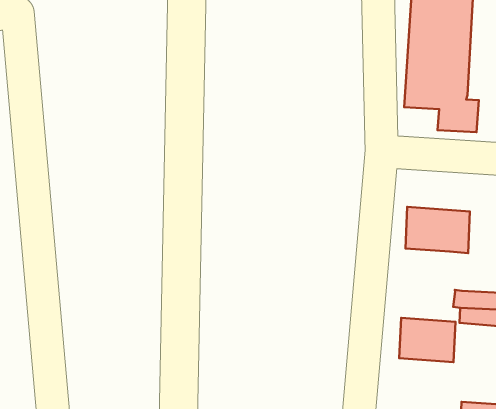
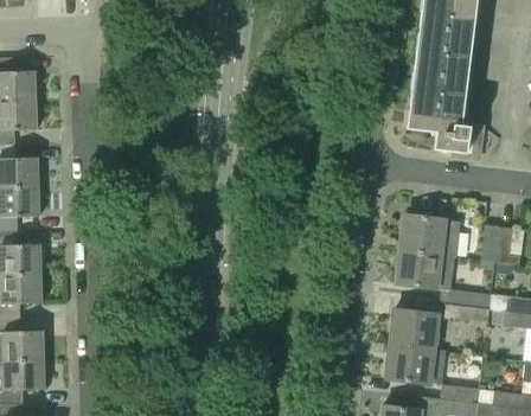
building: none -> [397,250,440,288]
building: none -> [386,344,446,384]

